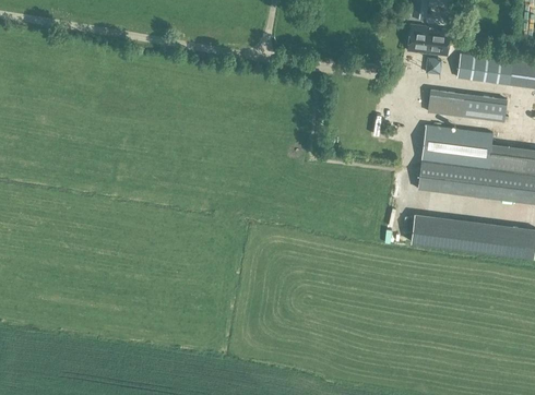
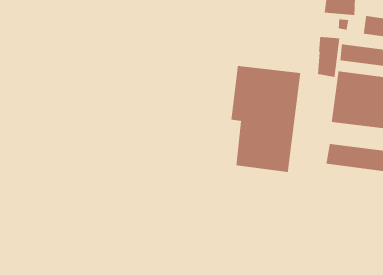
building: none -> [317,36,340,78]
building: none -> [231,65,301,173]

